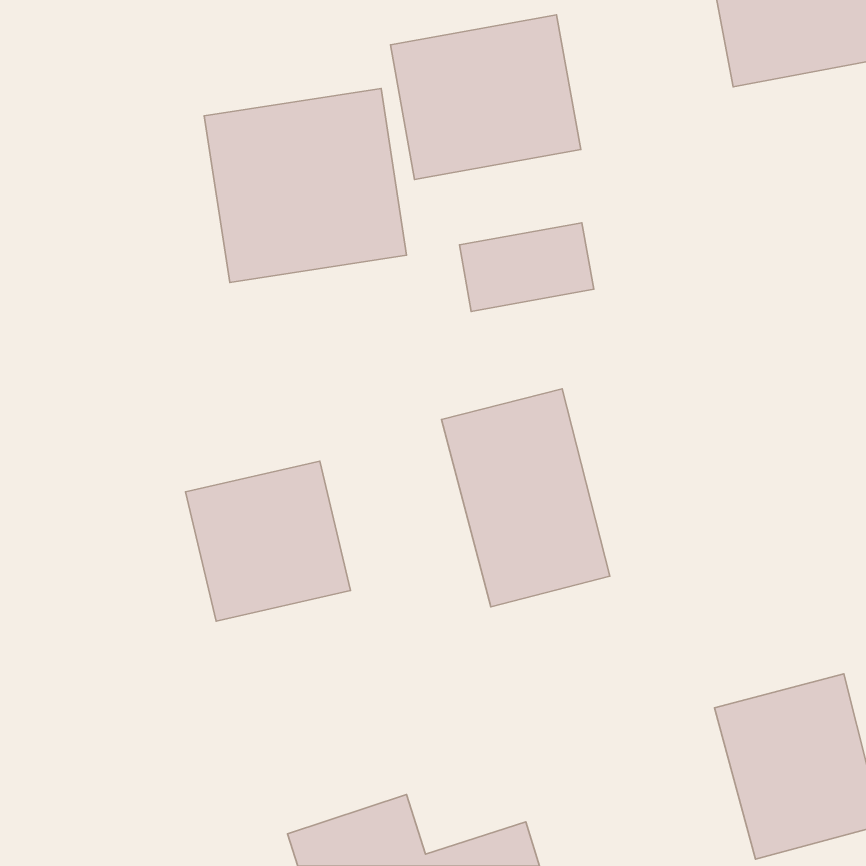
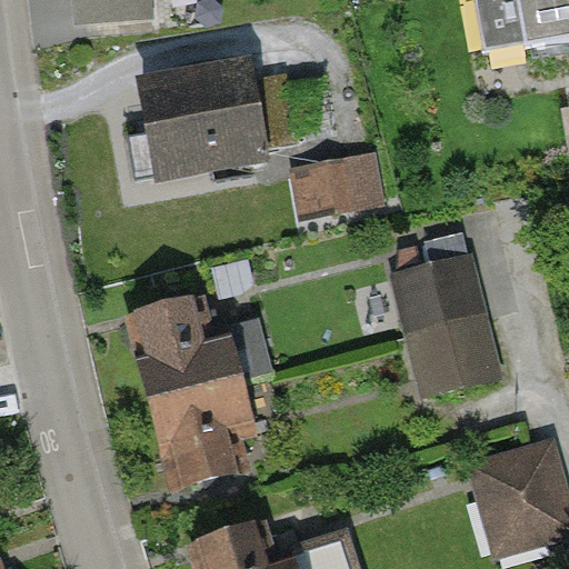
building: [390,15,581,179] -> none
building: [441,389,610,607] -> [393,258,503,400]
building: none -> [143,386,250,490]

